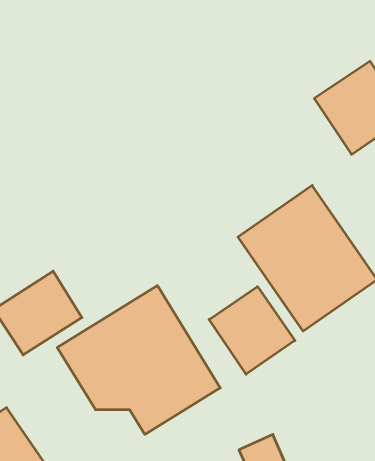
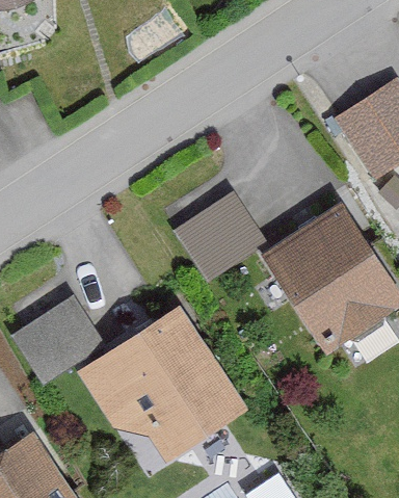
building: none -> [175,192,263,280]
building: [209,287,295,374] -> none

